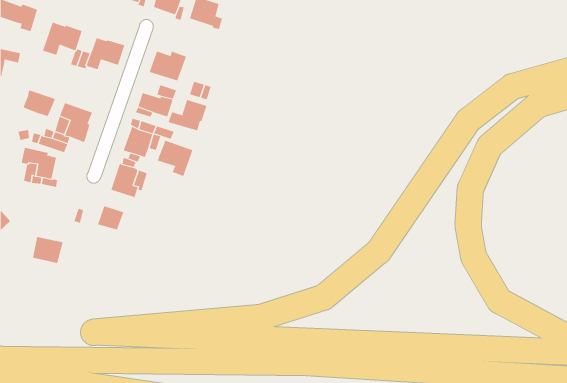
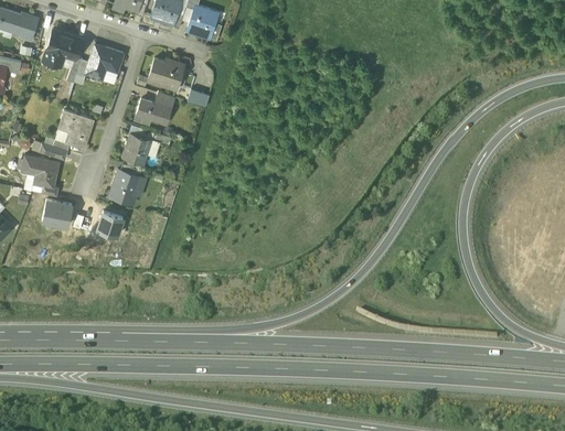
building: [23,89,56,117] -> none
building: [168,99,207,131] -> none
building: [158,140,193,177] -> none
building: [32,237,64,264] -> [42,198,73,225]

